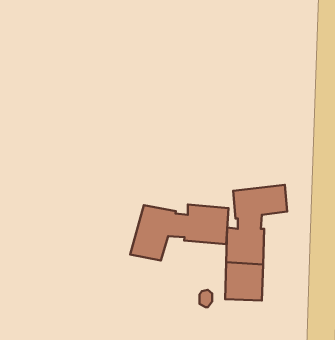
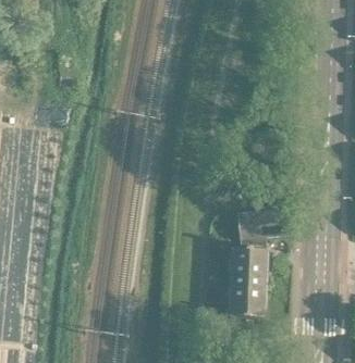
building: [130,205,229,260] -> none

